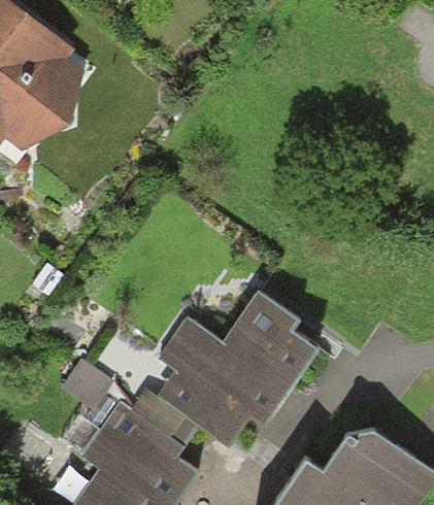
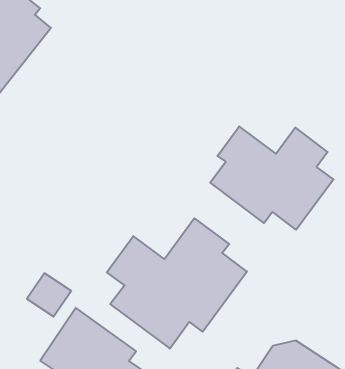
building: none -> [210,126,334,230]

